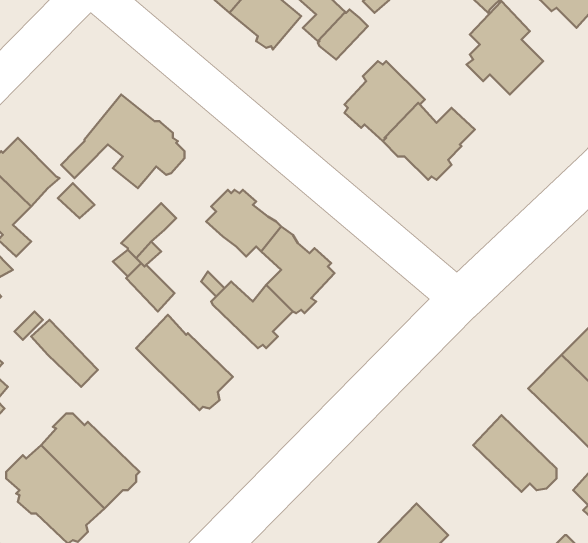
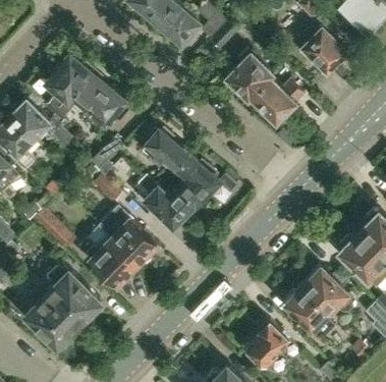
building: none -> [45,55,89,114]
building: none -> [78,237,136,285]
building: none -> [285,285,333,339]

